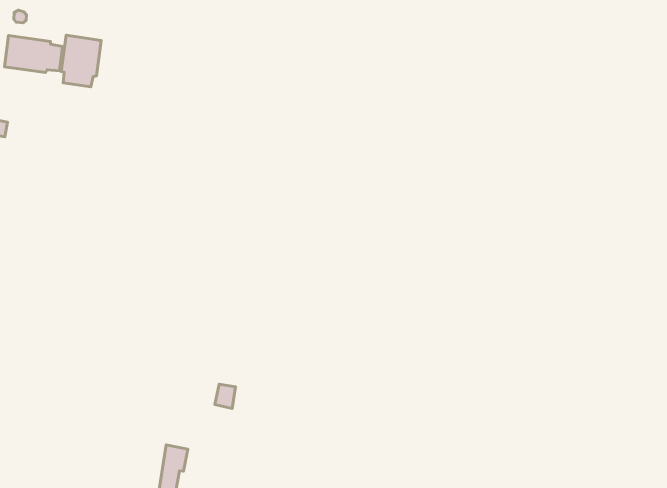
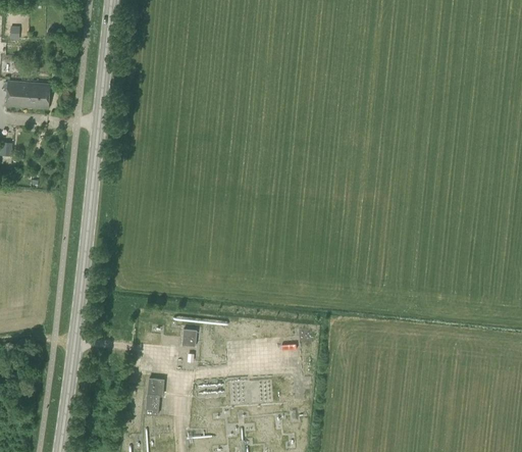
building: [61,35,101,87] -> none

